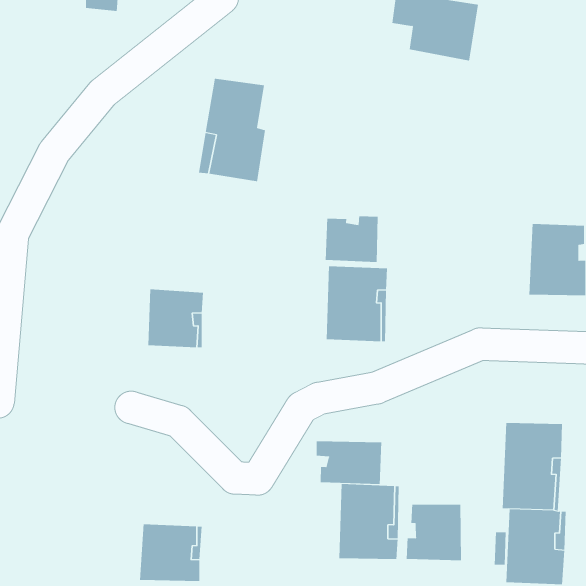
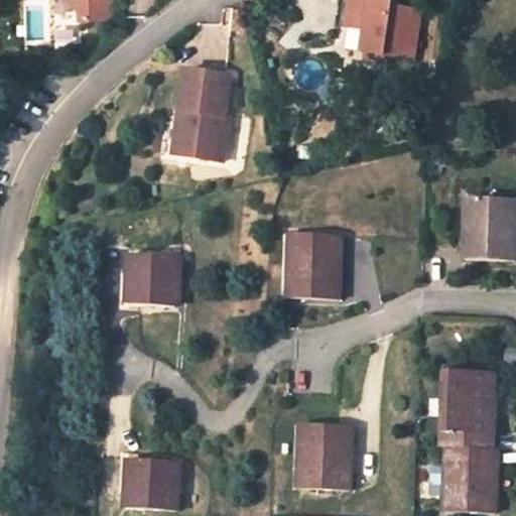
building: [325,216,378,263] -> none
building: [316,440,382,485] -> none
building: [406,504,461,561] -> none

